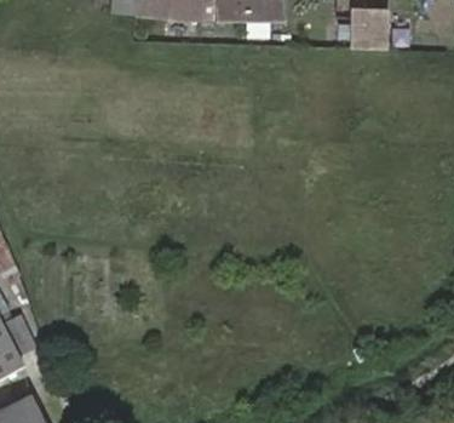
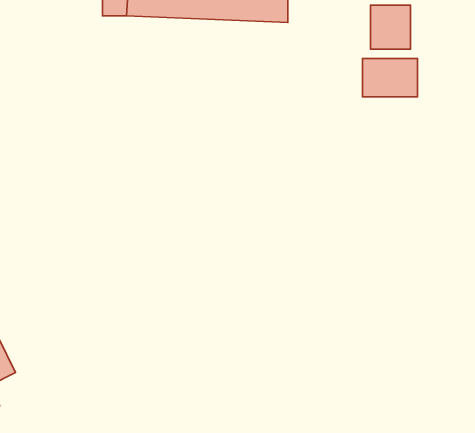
building: none -> [363,59,418,97]

